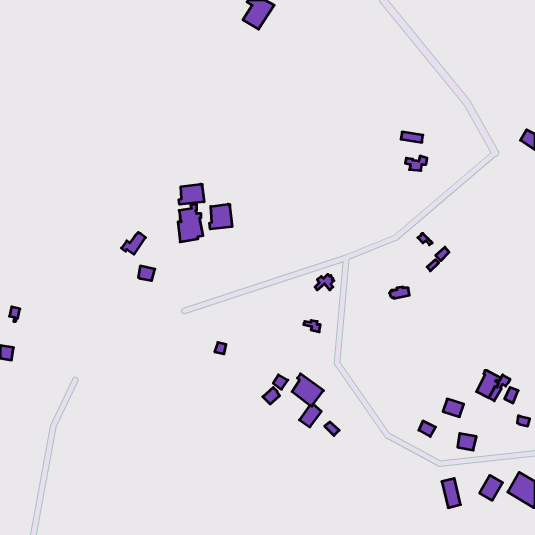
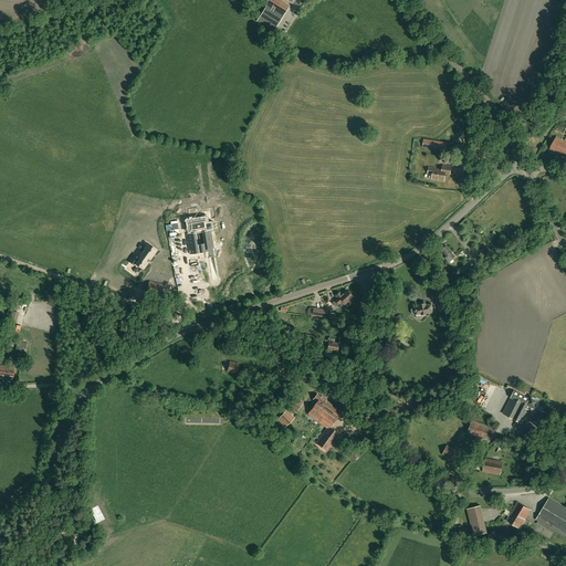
building: [179,184,204,204] -> none
building: [210,204,232,229] -> none

